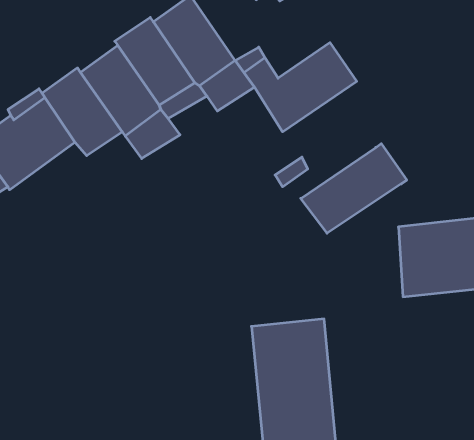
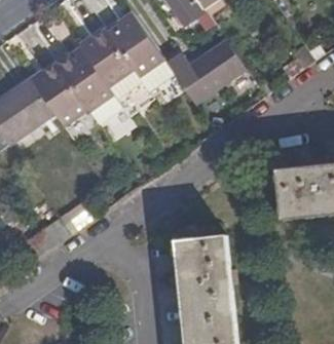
building: [301,144,407,233] -> none

